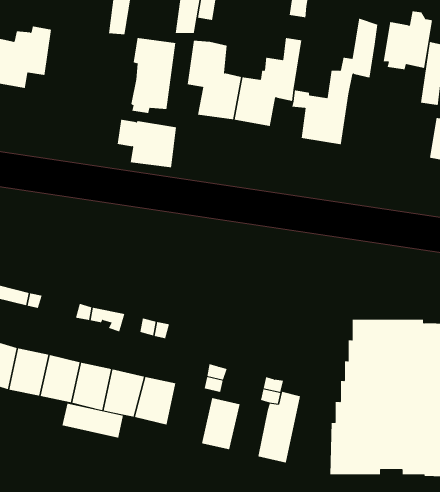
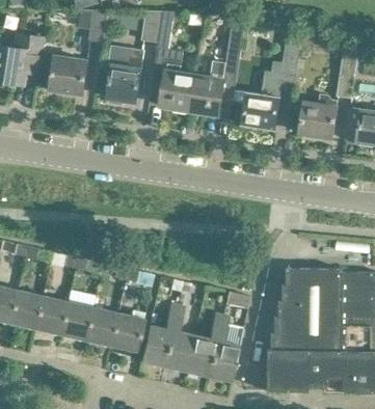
building: [383,11,433,70] -> [298,93,338,140]
building: [117,119,177,168] -> [38,55,86,93]
building: none -> [139,325,170,366]
building: [62,403,124,438] -> none
building: none -> [185,335,214,377]

